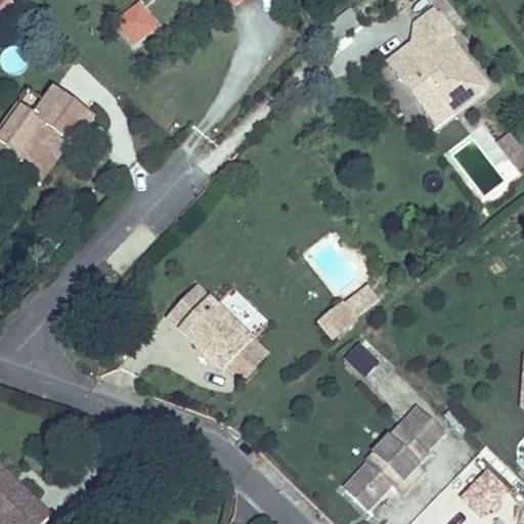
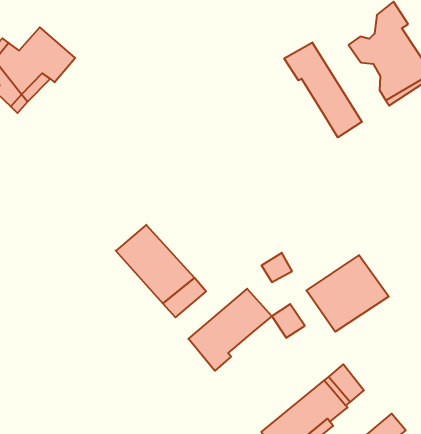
building: none -> [284,42,362,137]
building: none -> [306,255,389,332]
building: none -> [188,289,272,371]

